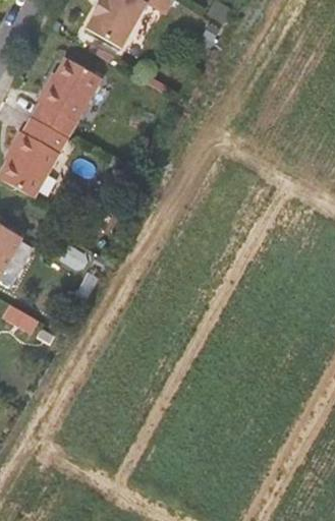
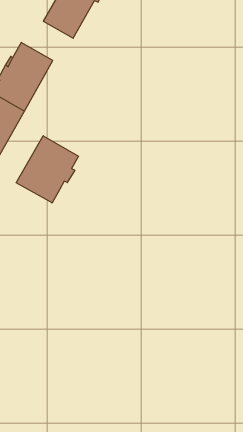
building: none -> [16,136,78,203]

